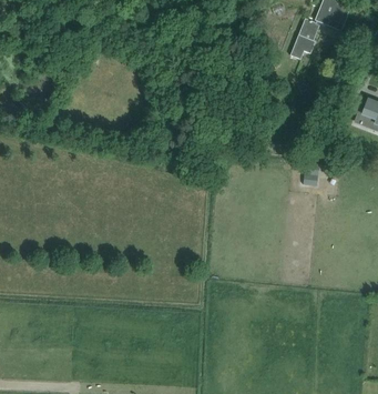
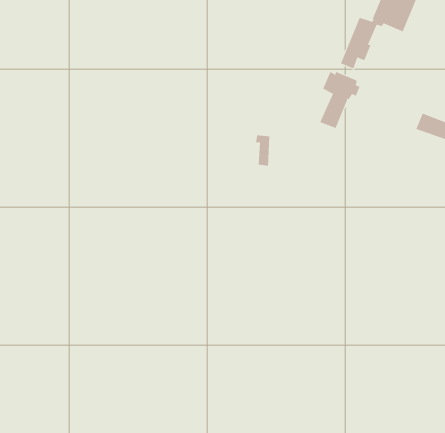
building: none -> [320,71,360,129]

